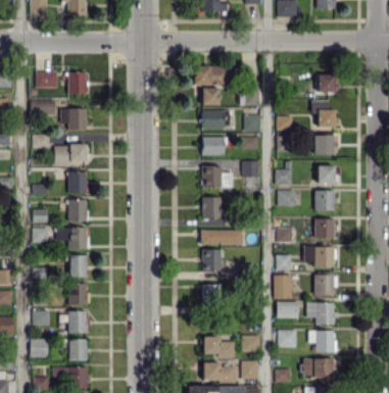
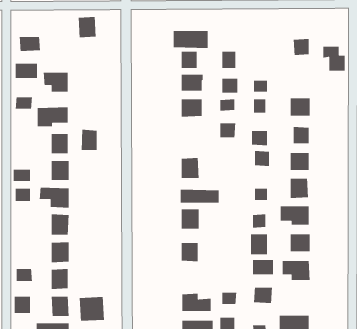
building: [67,72,87,95] -> [78,16,97,38]
building: [311,101,335,128] -> [323,46,345,72]
building: [202,166,233,188] -> none
building: none -> [81,129,98,151]
building: [308,331,336,353] -> none
building: none -> [79,296,105,322]

